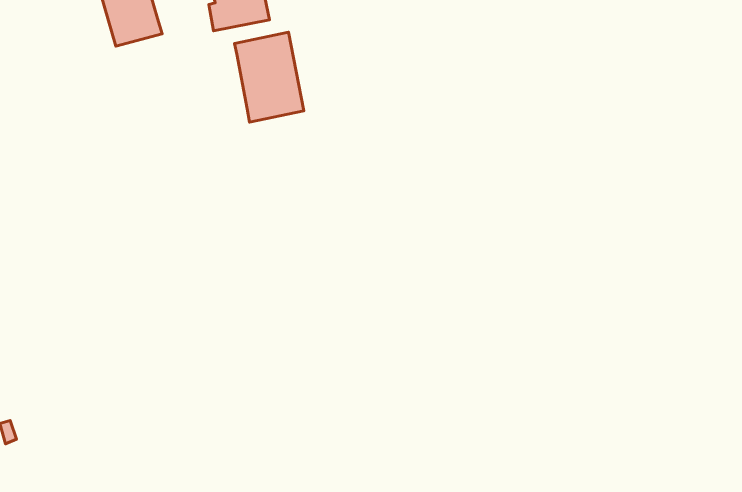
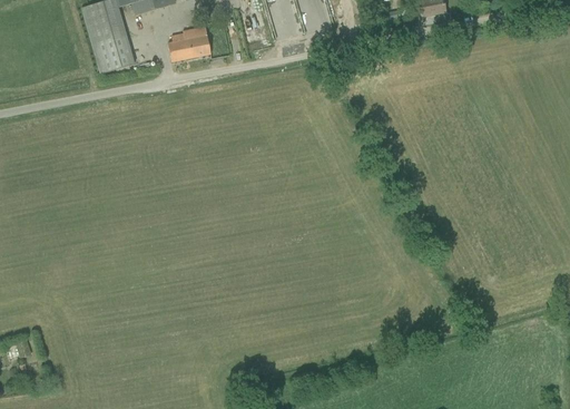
building: [234,32,304,122] -> none

